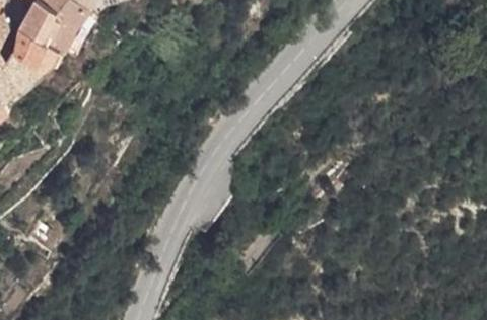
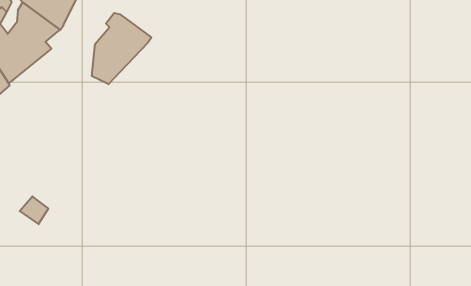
building: none -> [92,13,151,84]

